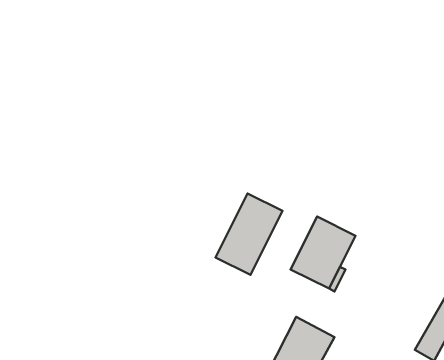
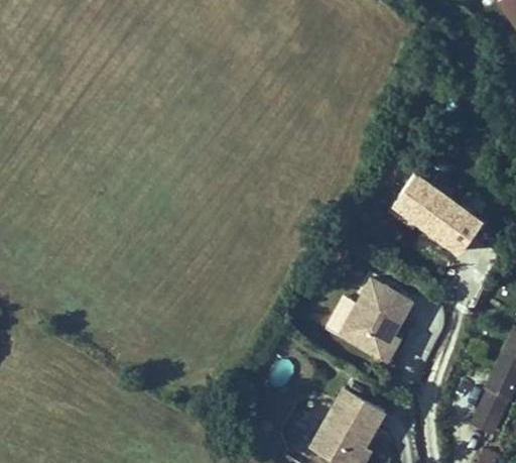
building: none -> [379,172,470,250]
building: [216,193,283,275] -> none

